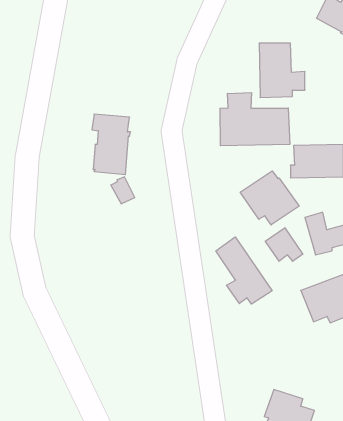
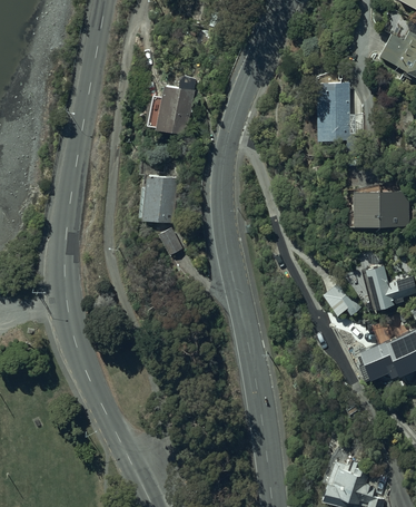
building: none -> [148,77,198,135]
building: [220,93,290,146] -> none
building: [240,171,299,225] -> none
building: [216,237,272,304] -> none

